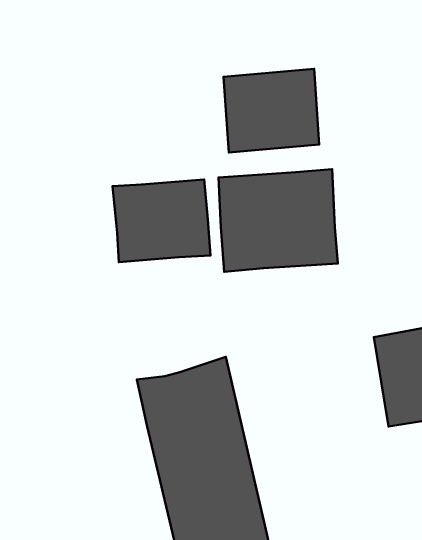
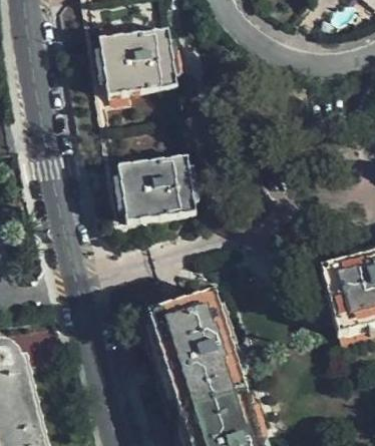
building: [224,69,319,152] -> [99,24,175,92]
building: [218,169,338,272] -> none

